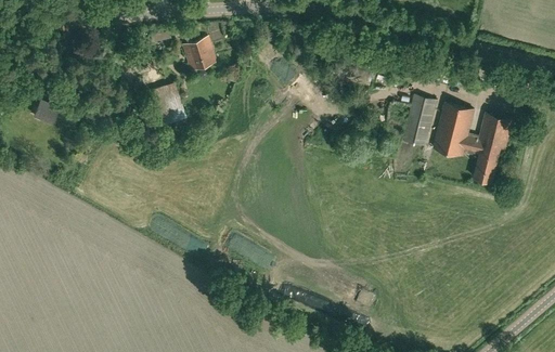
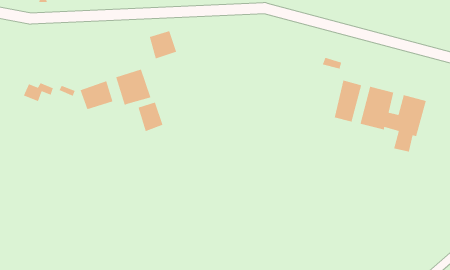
building: none -> [80,80,114,110]
building: none -> [137,102,163,132]

